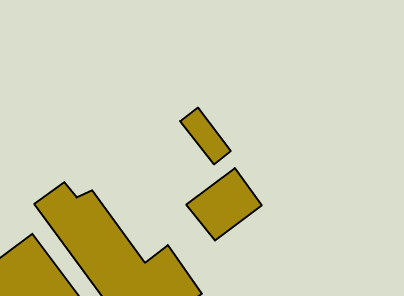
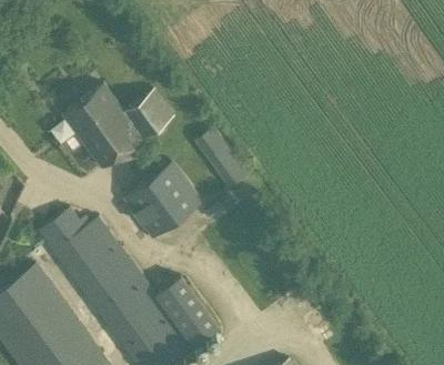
building: none -> [60,85,174,169]
building: [186,168,262,241] -> [123,162,204,240]

